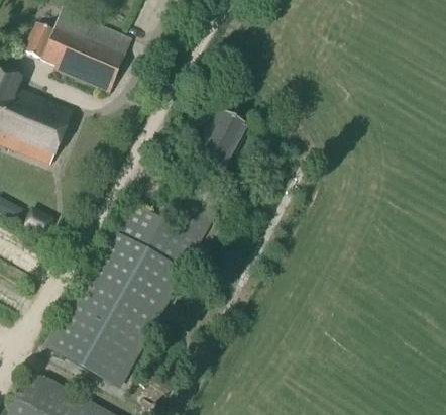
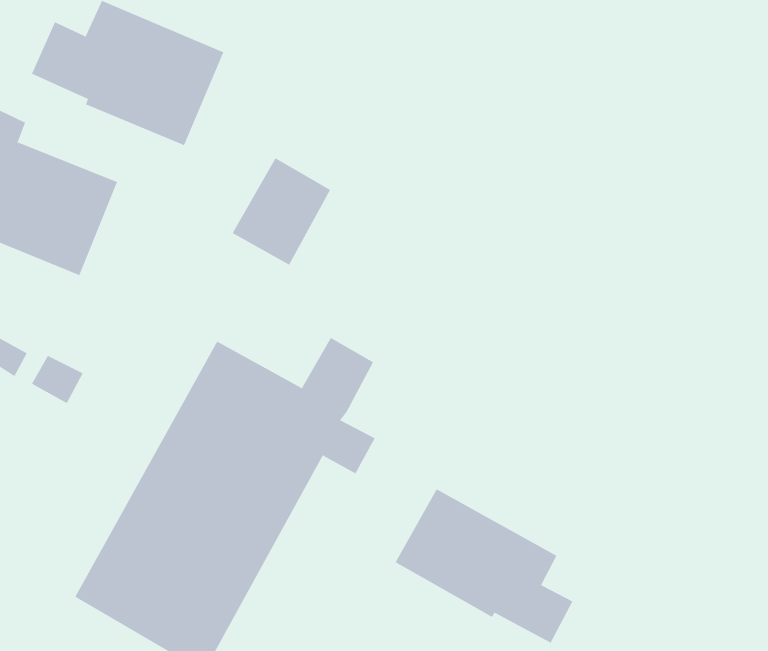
building: [194,108,249,169] -> [232,157,331,266]
building: none -> [395,488,573,643]

